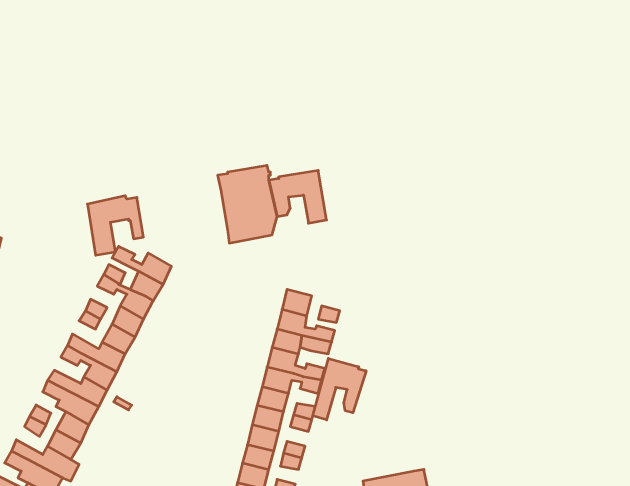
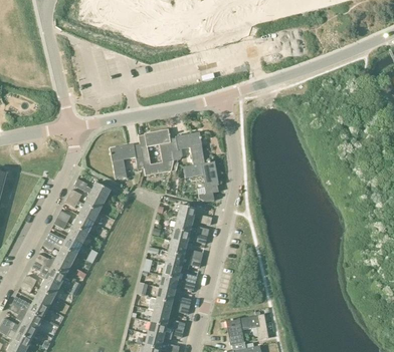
building: [87,196,143,255] -> [110,142,144,179]
building: none -> [183,160,218,201]
building: [313,358,366,420] -> none

